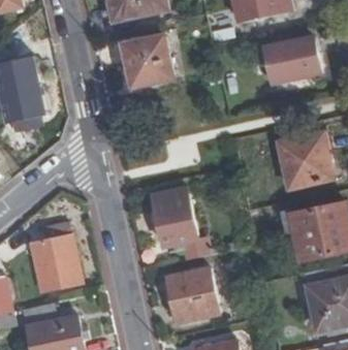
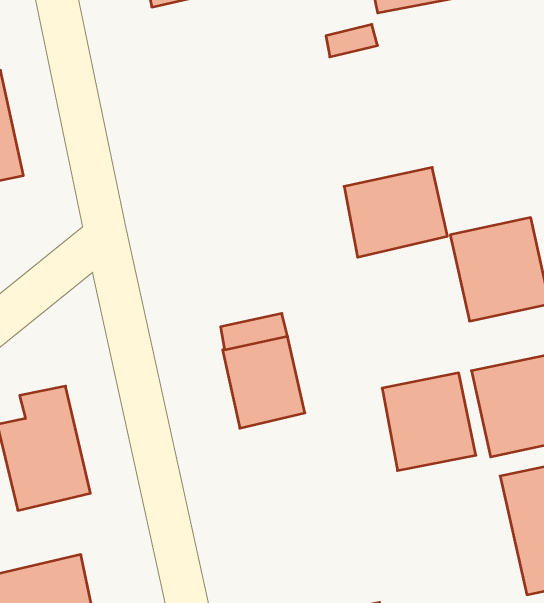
building: [124,36,171,86] -> none
building: [261,37,317,86] -> [344,167,447,257]
building: [167,269,218,322] -> [382,373,476,471]

